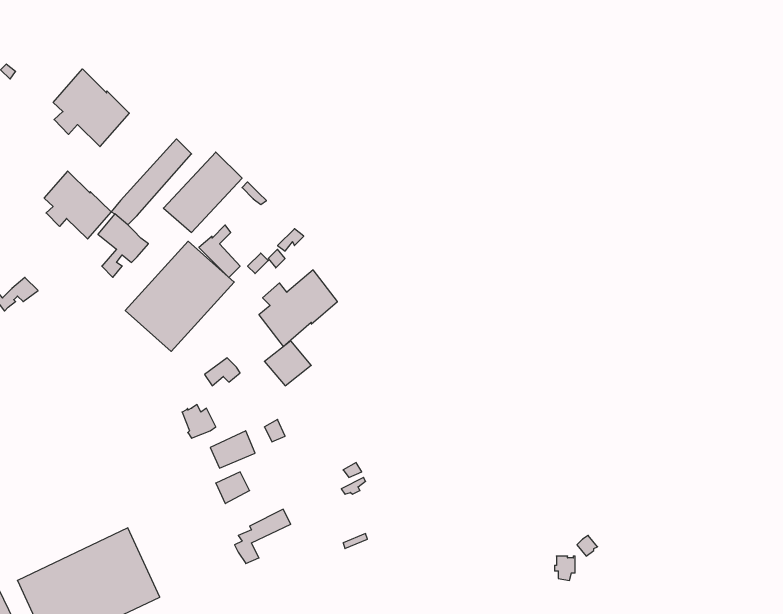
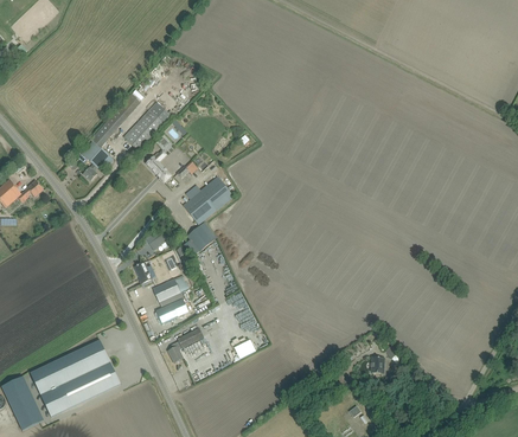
building: [53,69,129,147] -> none
building: [44,171,111,239] -> none
building: [125,241,234,351] -> none

